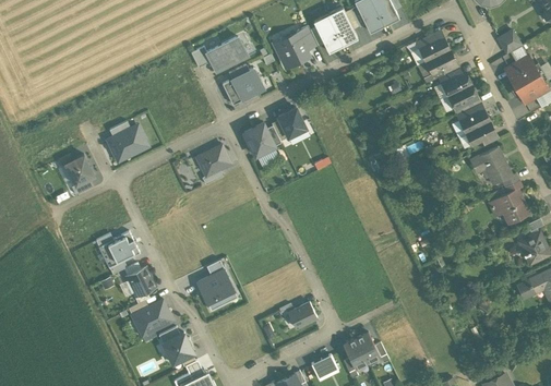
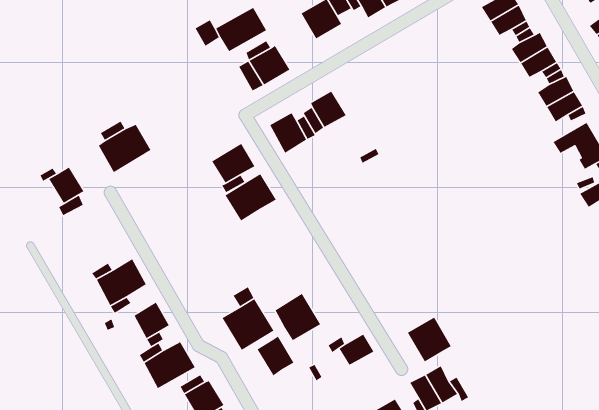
building: none -> [225,173,277,222]
building: none -> [275,293,321,341]
building: none -> [407,316,452,362]
building: none -> [257,336,295,377]

